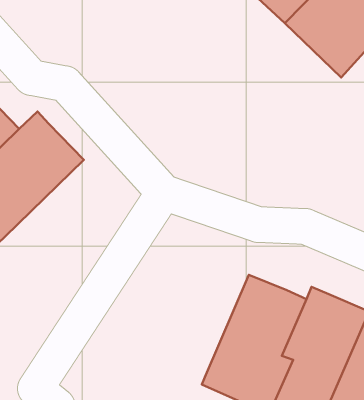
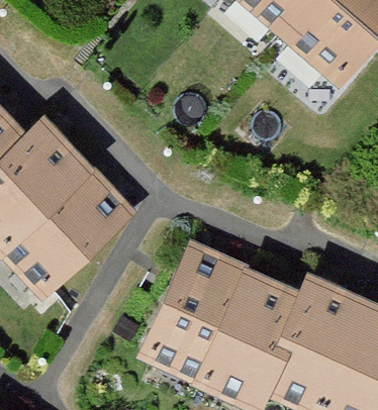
building: none -> [8,162,127,281]
building: none -> [147,242,252,376]

